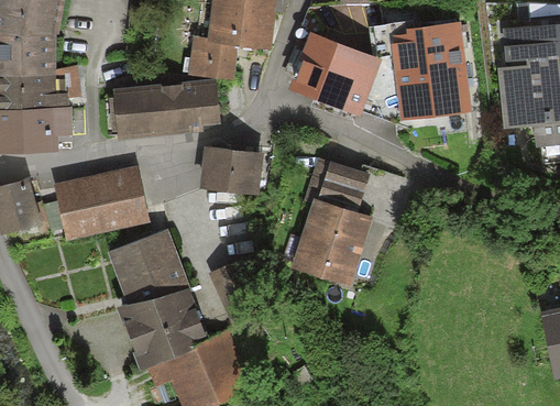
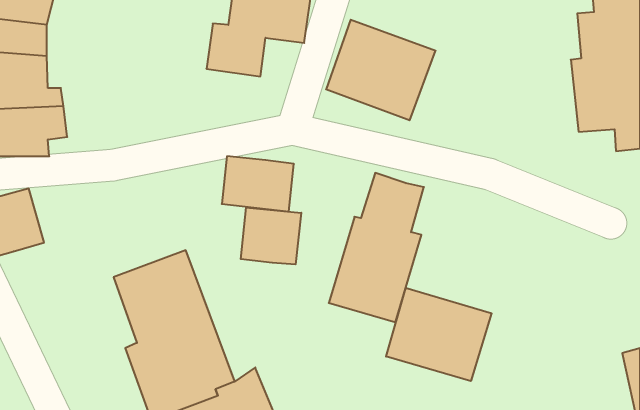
building: [392,22,473,120] -> none
building: [109,78,222,142] -> none
building: [56,166,149,238] -> none
building: none -> [241,207,301,264]
building: none -> [386,288,492,381]

